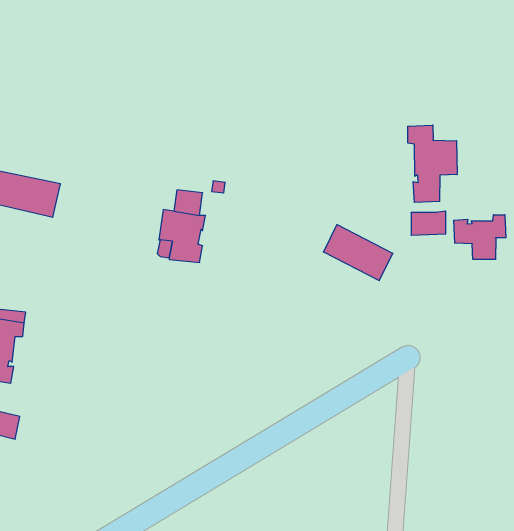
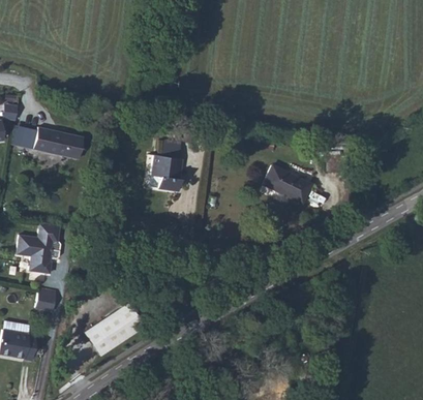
building: [408,125,457,202] -> none
building: [454,215,506,259] -> none
building: none -> [85,302,144,355]

